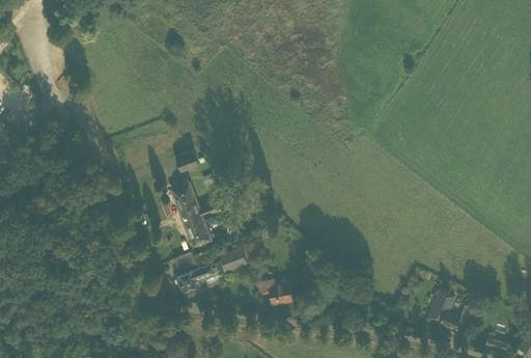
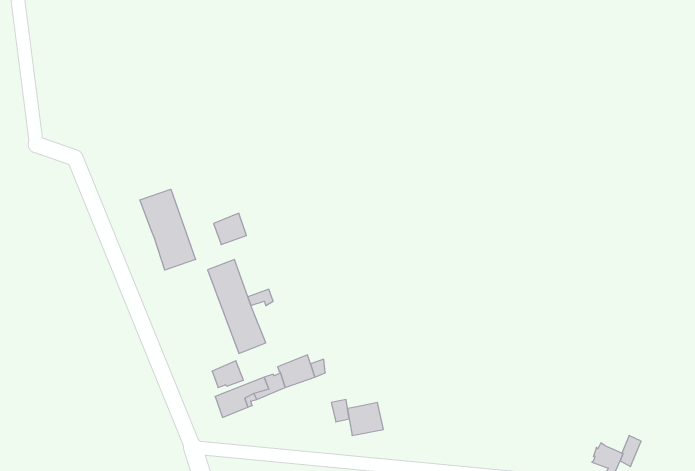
building: none -> [140,189,196,270]
building: [428,290,453,322] -> none

